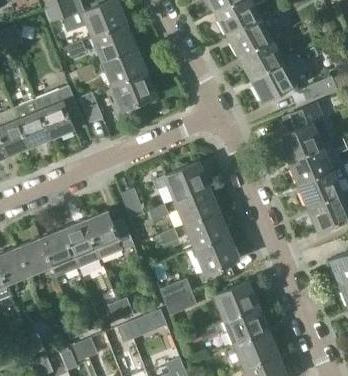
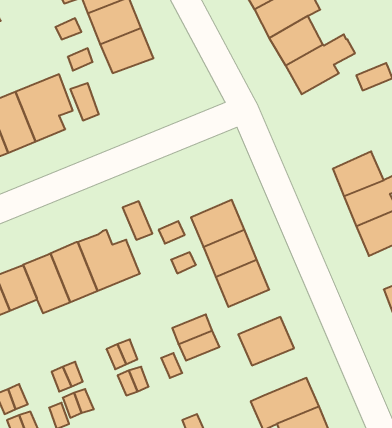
building: [112,72,155,109] -> none
building: [279,104,331,161] -> none
building: [154,162,208,200] -> none
building: [198,305,268,343] -> none

